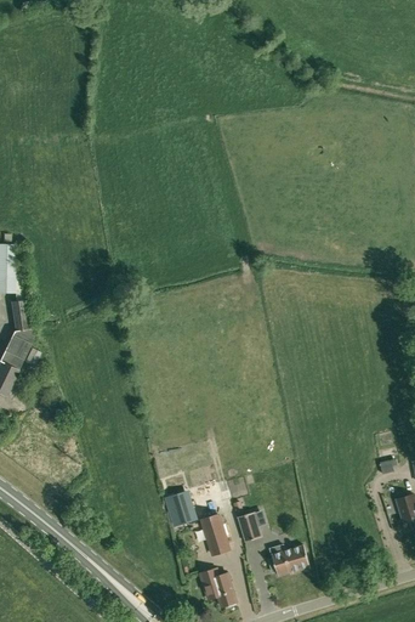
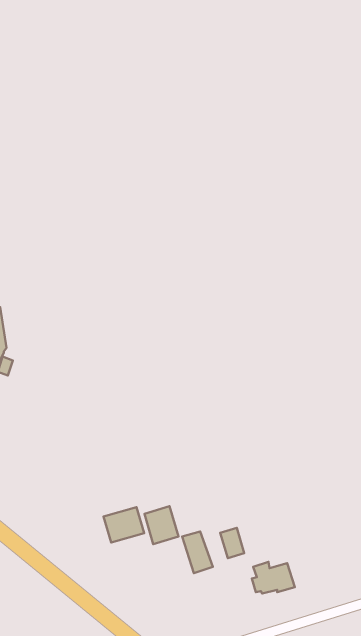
building: none -> [104,507,144,543]
building: [200,569,237,606] -> none

